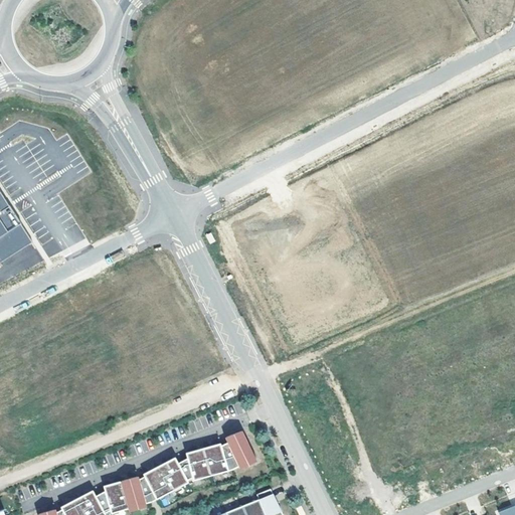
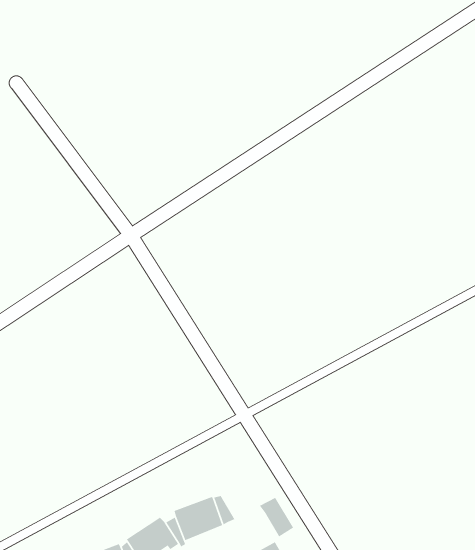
building: [225,432,253,467] -> [259,497,294,538]

